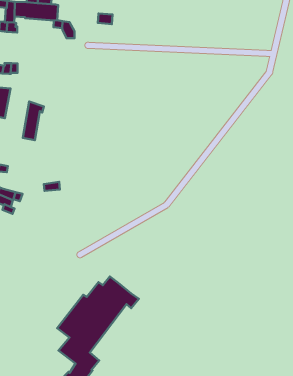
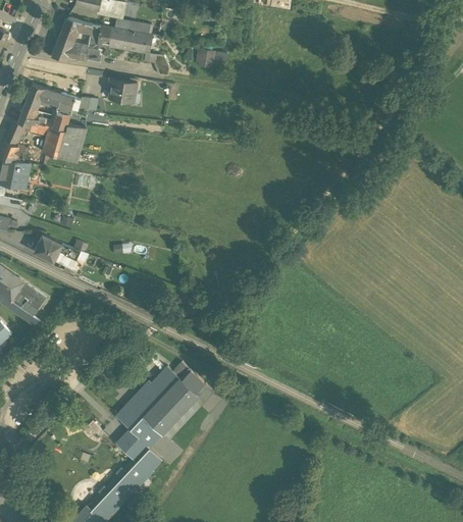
building: none -> [109,79,138,101]
building: [23,102,44,140] -> none

